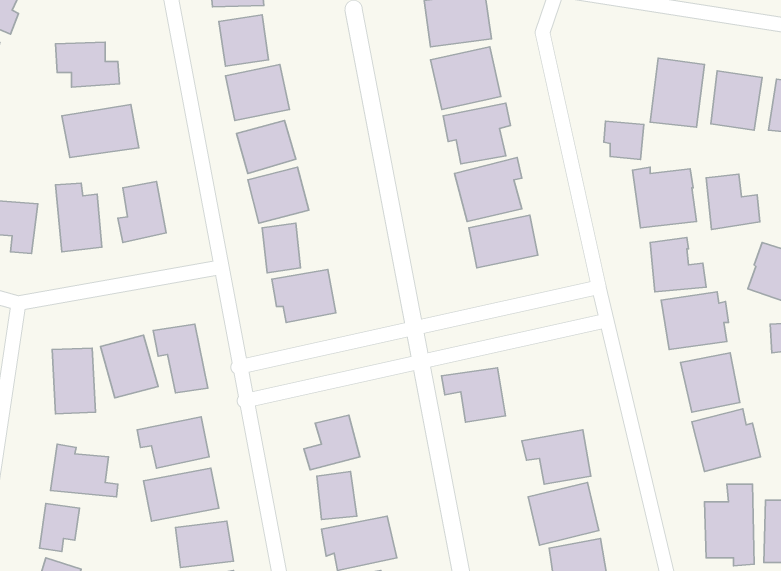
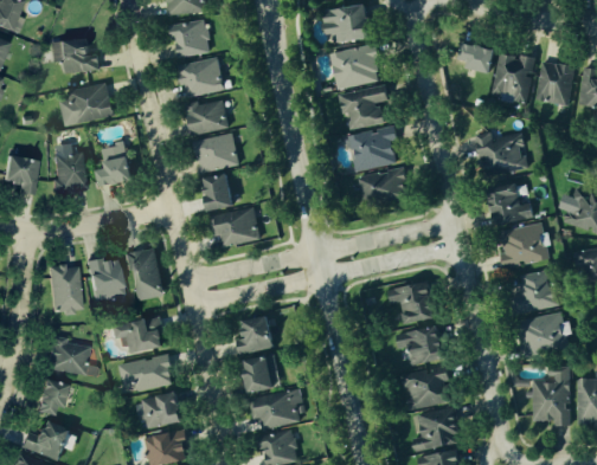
building: [604,121,644,160] -> [464,44,494,72]
building: [706,174,760,230] -> none
building: [442,368,506,422] -> [389,283,436,323]

